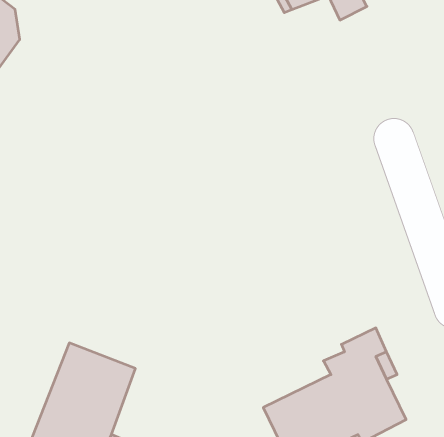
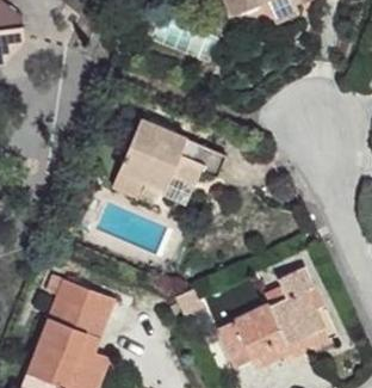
building: none -> [112,119,224,196]

